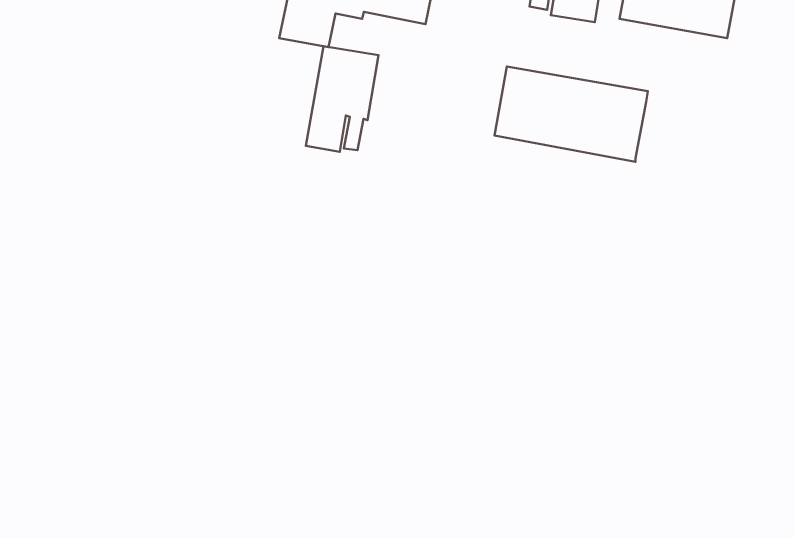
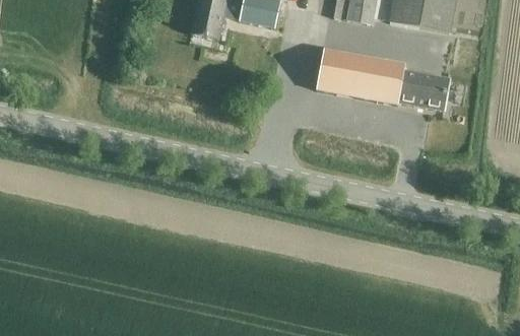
building: [306,46,378,152] -> none
building: none -> [396,69,448,110]

